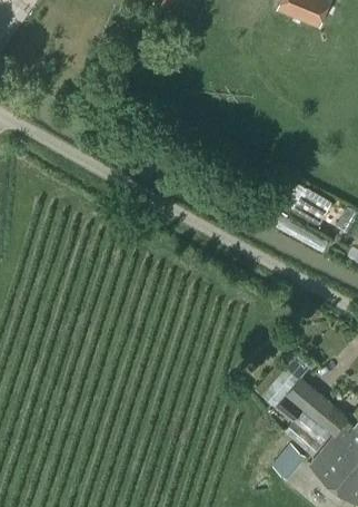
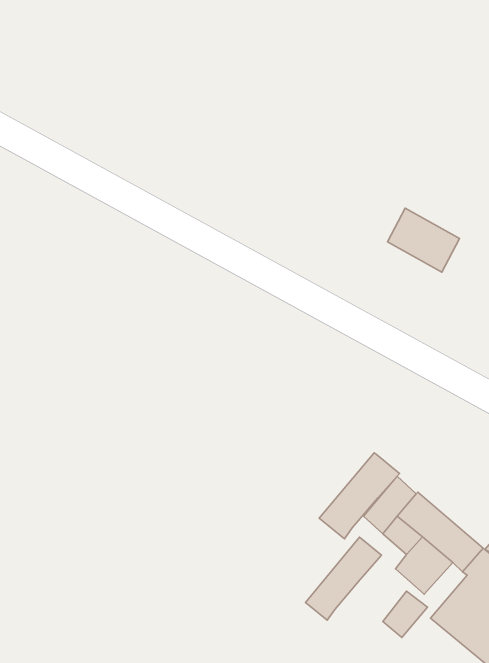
building: none -> [319,453,399,539]
building: none -> [305,537,381,620]

